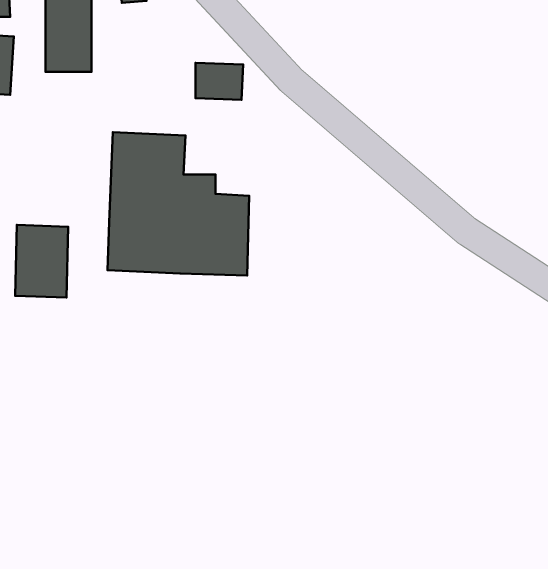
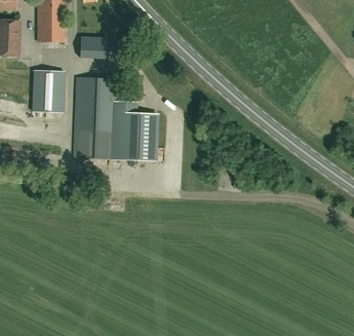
building: [195,63,243,100] -> [79,36,107,58]
building: [15,225,68,298] -> [32,70,63,112]

